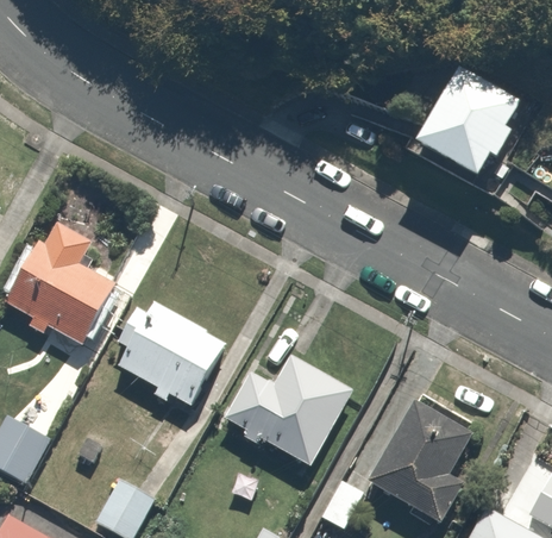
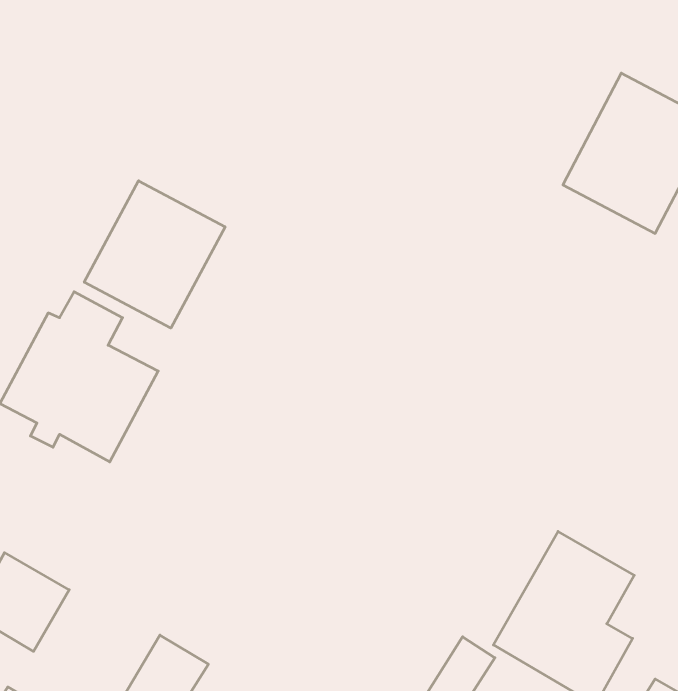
building: none -> [84,181,225,328]
building: [118,304,225,407] -> none
building: [221,355,352,467] -> none

